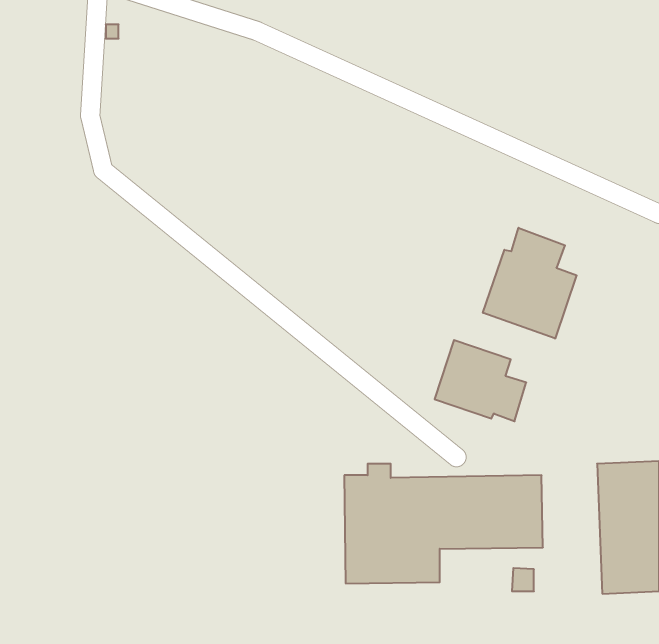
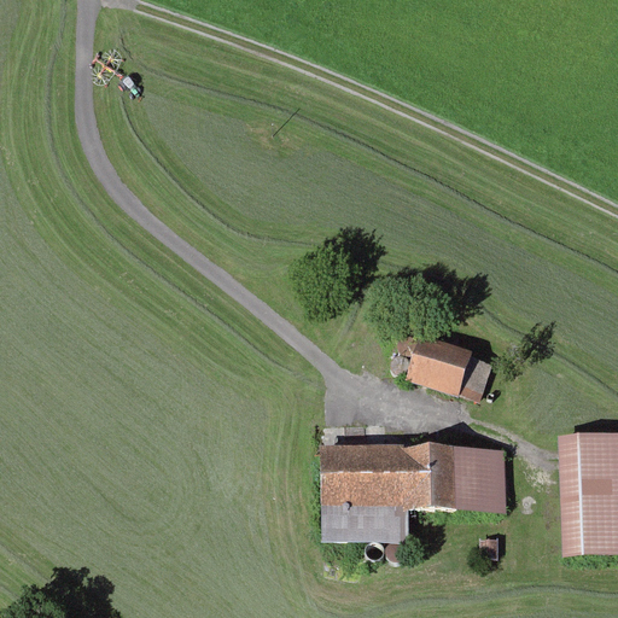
building: [483,228,577,339] -> none

